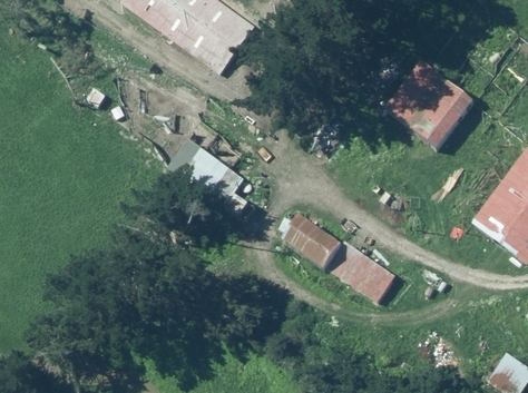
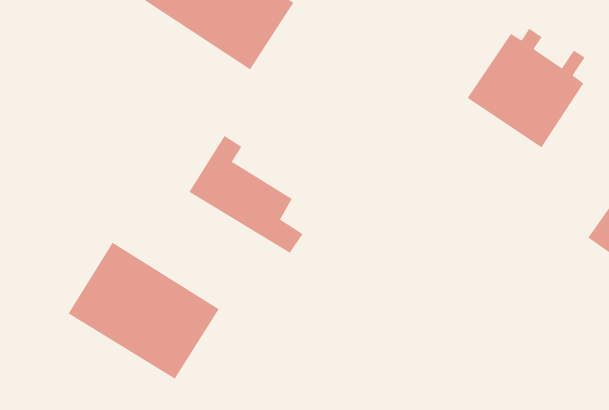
building: none -> [68,242,219,379]
building: [282,215,394,303] -> none

